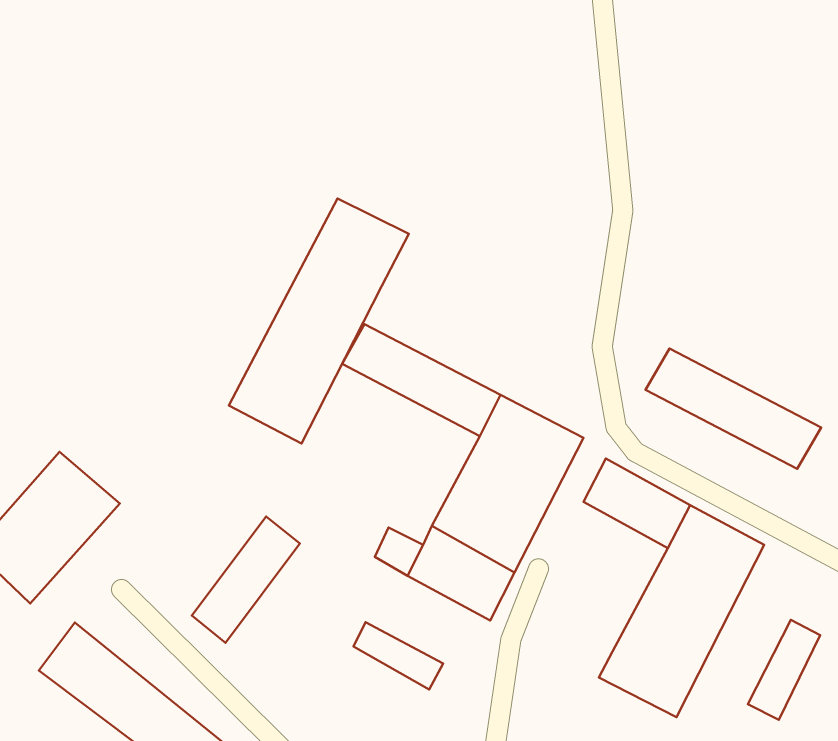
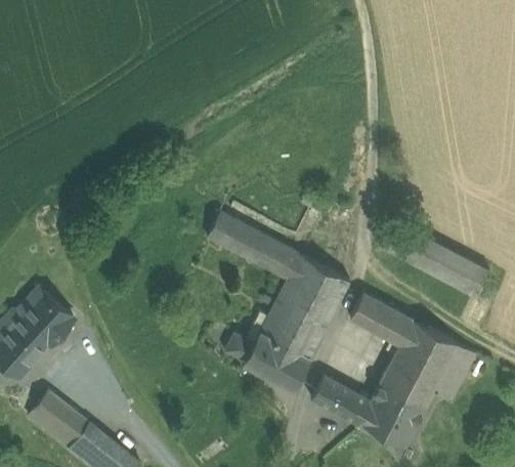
building: [229,199,409,444] -> none
building: [192,516,300,643] -> none
building: [748,620,820,720] -> [431,343,474,402]
building: [353,622,443,689] -> [313,382,367,422]

